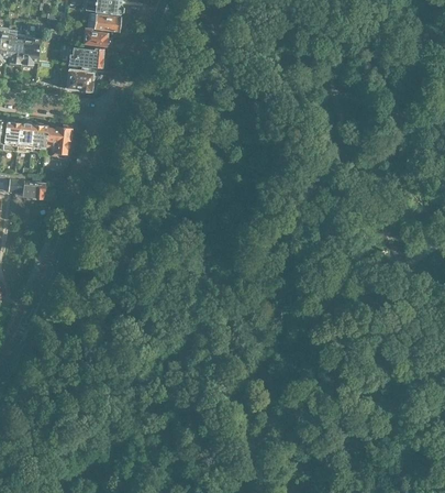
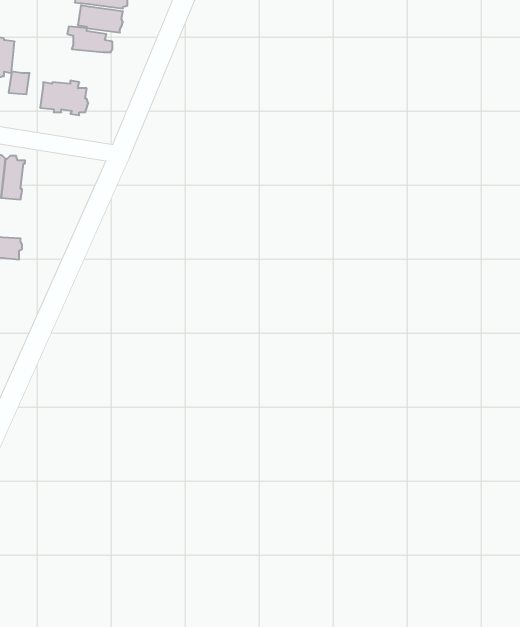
building: [64,46,104,67] -> none
building: [46,124,73,158] -> none

